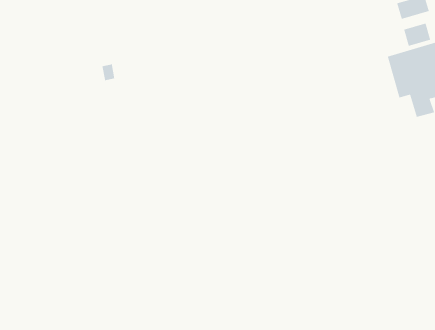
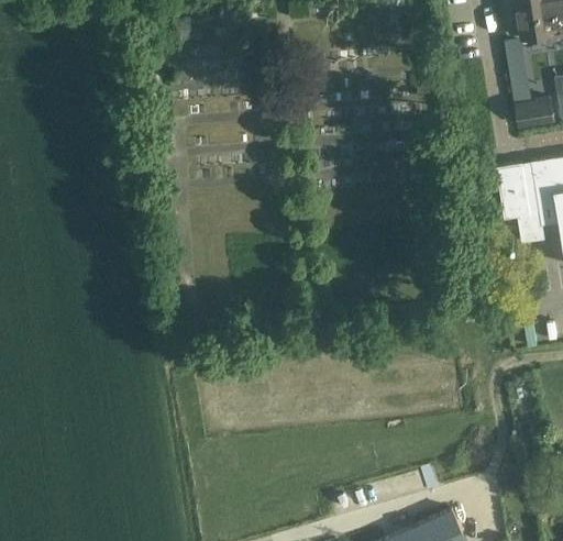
building: [403,22,431,47] -> none

